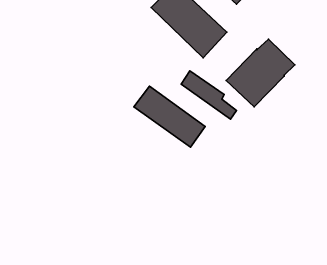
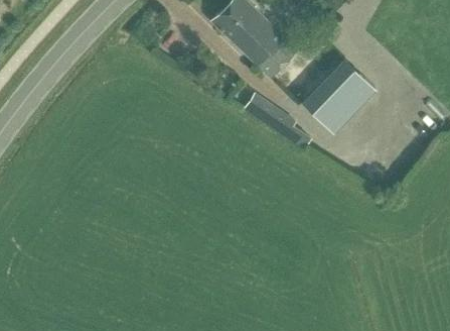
building: [134,86,205,147] -> none

